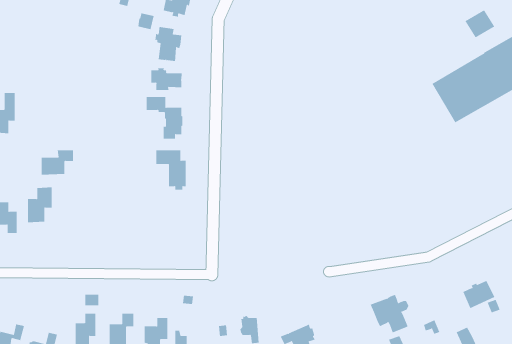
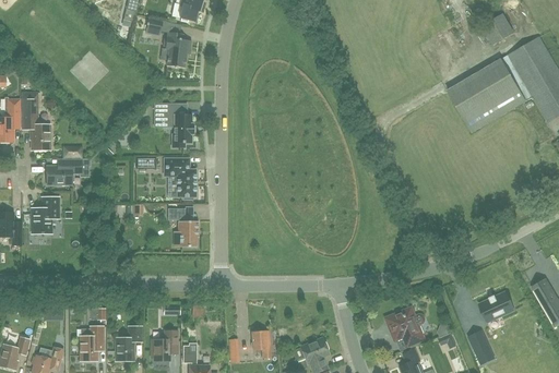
building: [151,68,183,91] -> none
building: none -> [22,93,49,148]
building: none -> [167,207,198,245]

